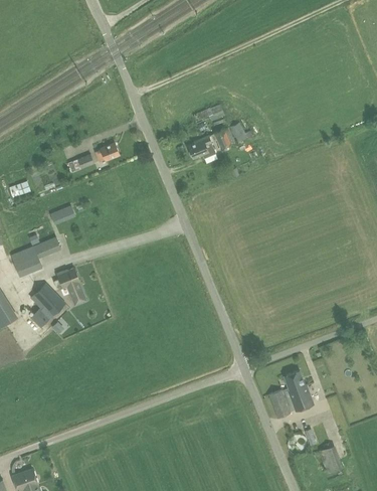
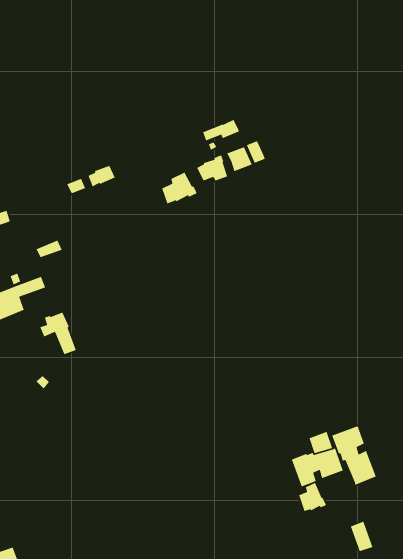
building: none -> [161,171,197,204]
building: [30,282,66,327] -> none
building: none -> [331,425,377,486]
building: none -> [298,482,327,512]

